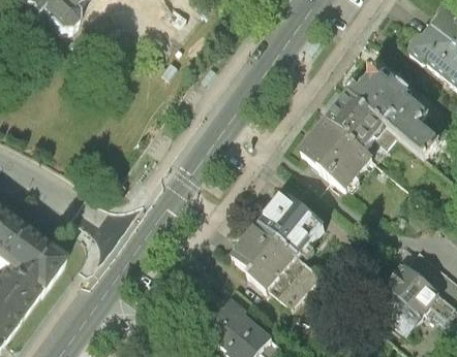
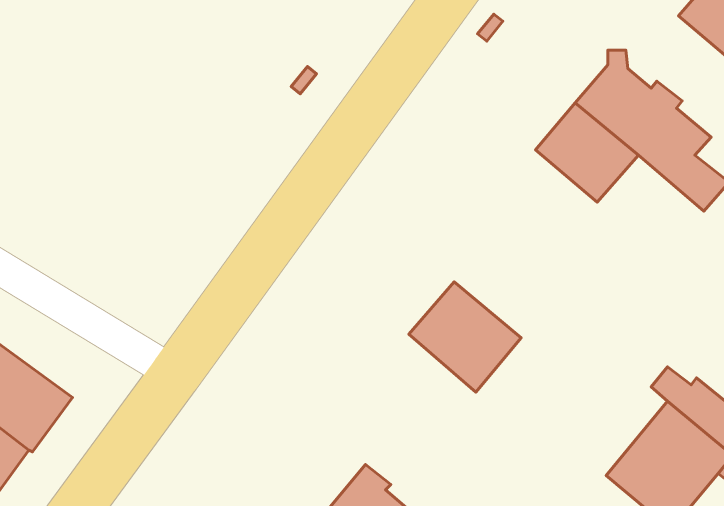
building: [302,119,372,187] -> none
building: [231,224,319,309] -> none

